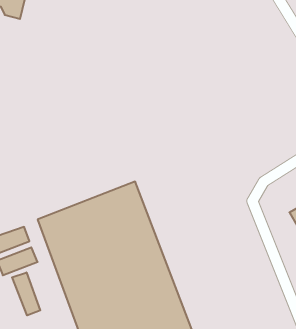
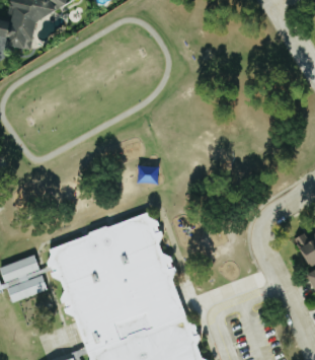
building: [12,272,40,315] -> none

